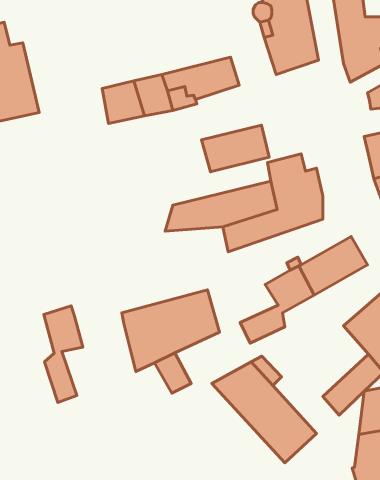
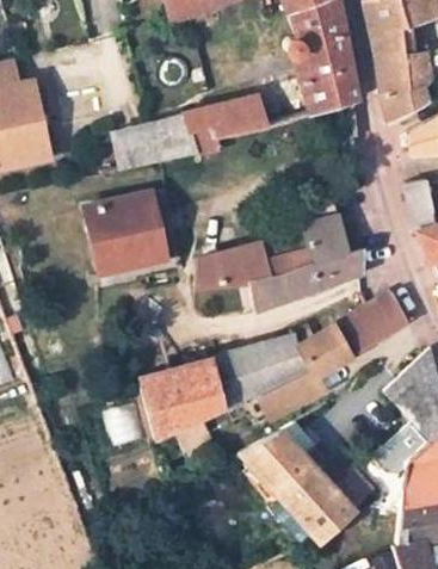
building: [201,125,269,172] -> none
building: none -> [85,192,166,273]
building: none -> [234,334,311,397]
building: [44,306,83,402] -> none

